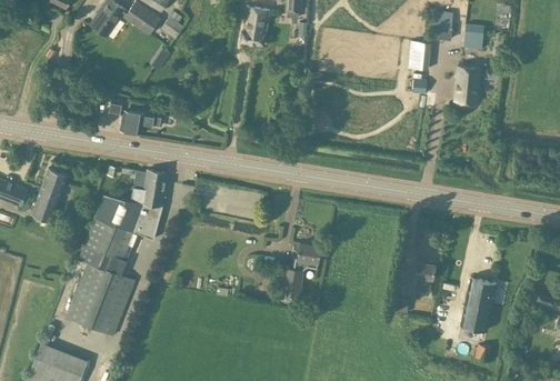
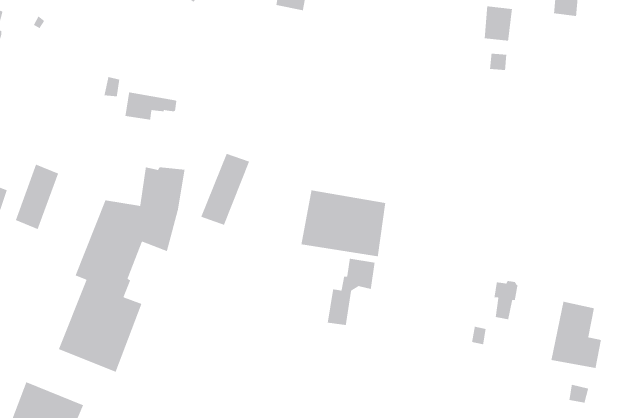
building: [454,66,480,102] -> none
building: none -> [200,153,250,226]
building: none -> [301,189,386,257]

